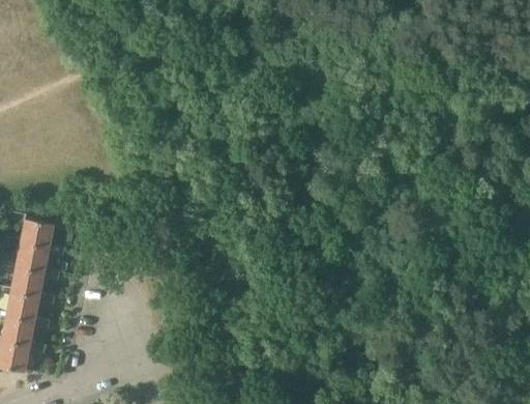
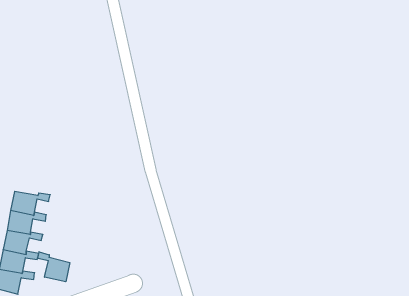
building: [20,218,69,249] -> none
building: none -> [38,252,70,282]

